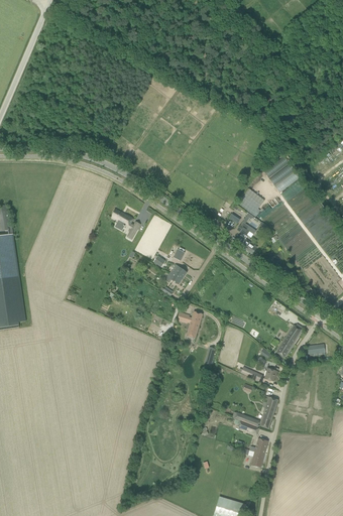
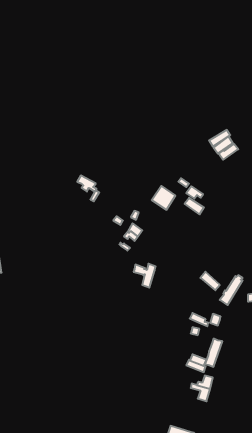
building: [236,187,263,215] -> [152,186,175,210]

